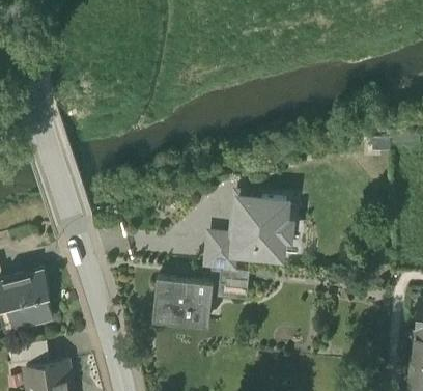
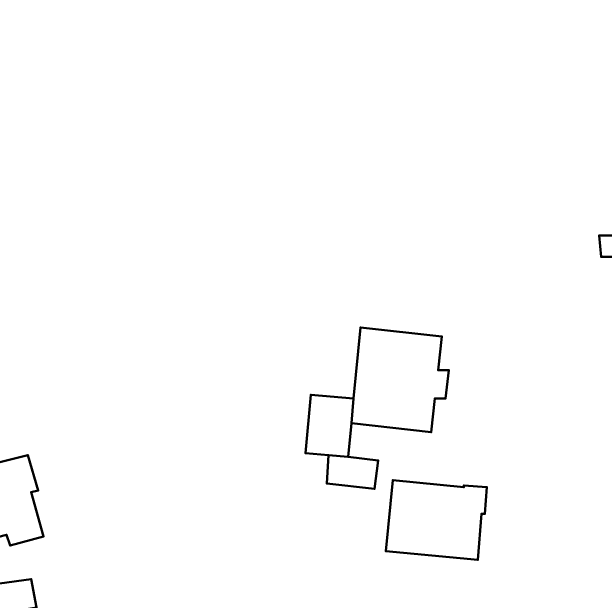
building: [153,279,213,326] -> [386,480,487,560]

